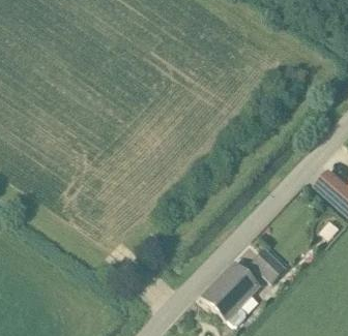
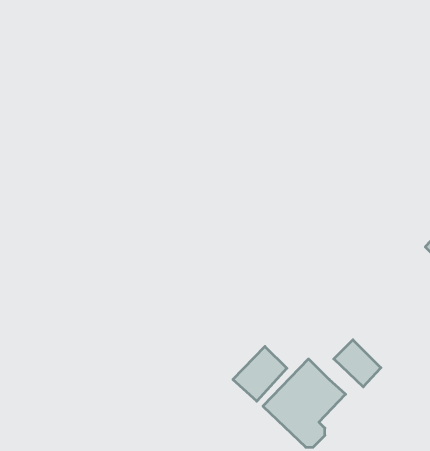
building: none -> [233,346,287,401]

